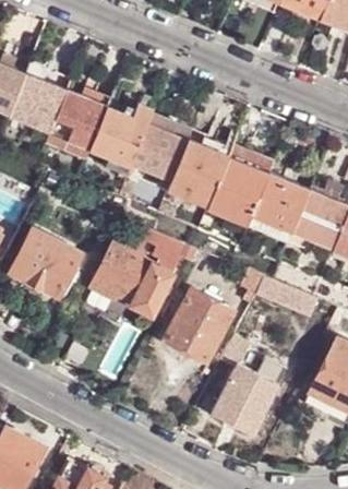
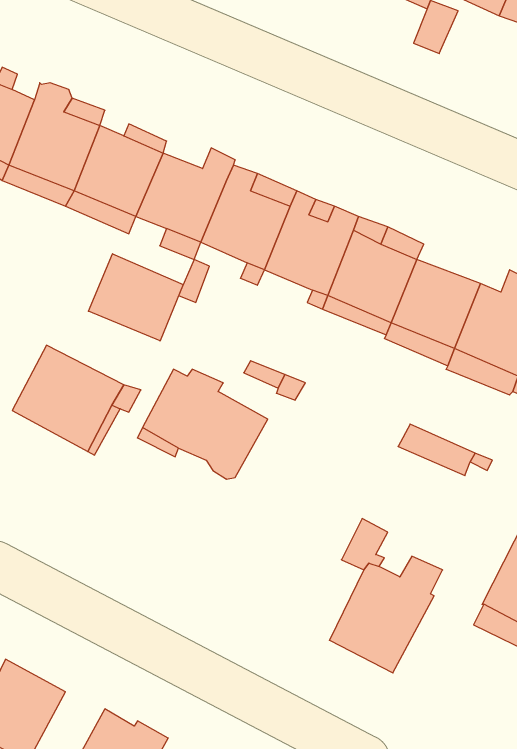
building: none -> [88,254,183,341]
building: [164,289,232,362] -> none

